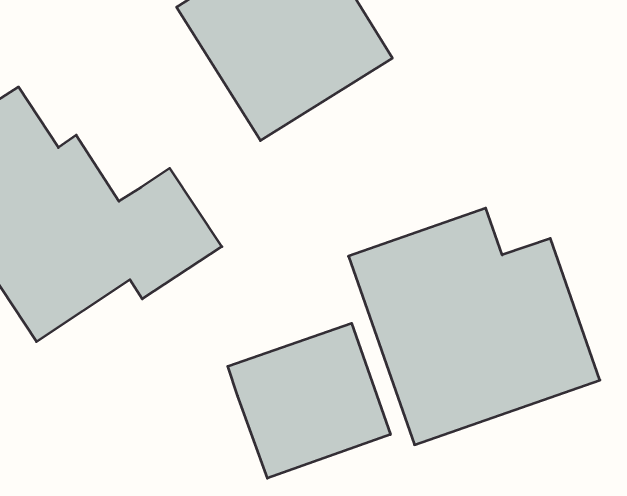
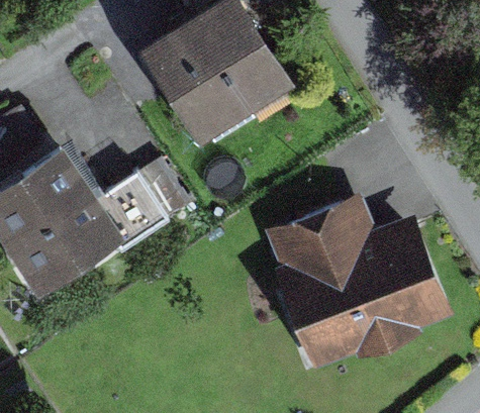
building: [228,323,390,478] -> none

